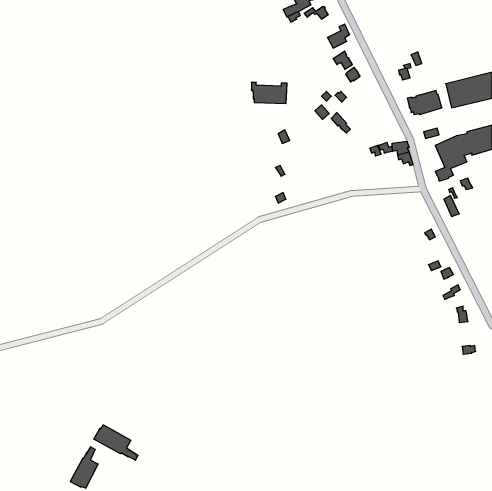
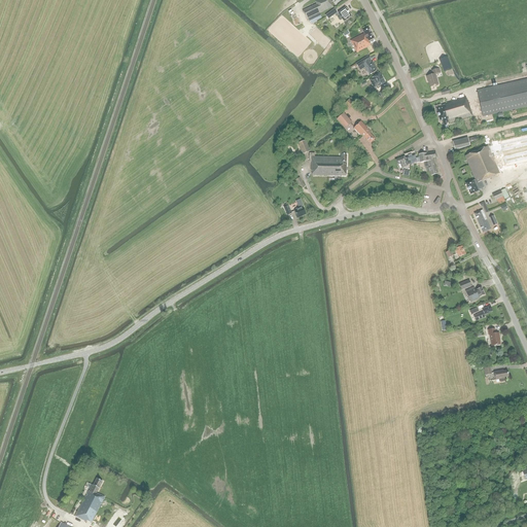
building: [251,82,287,104] -> [309,152,347,175]
building: [94,425,138,460] -> none

